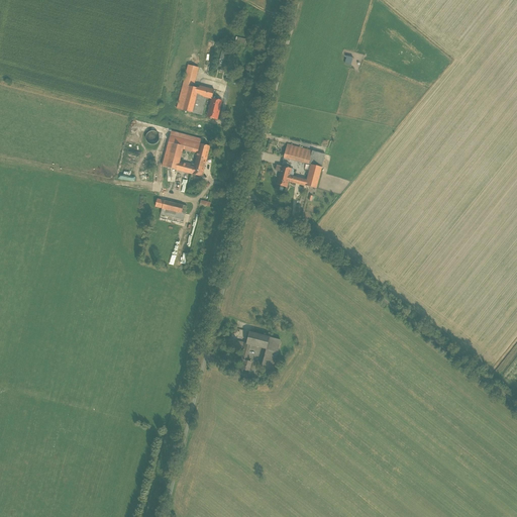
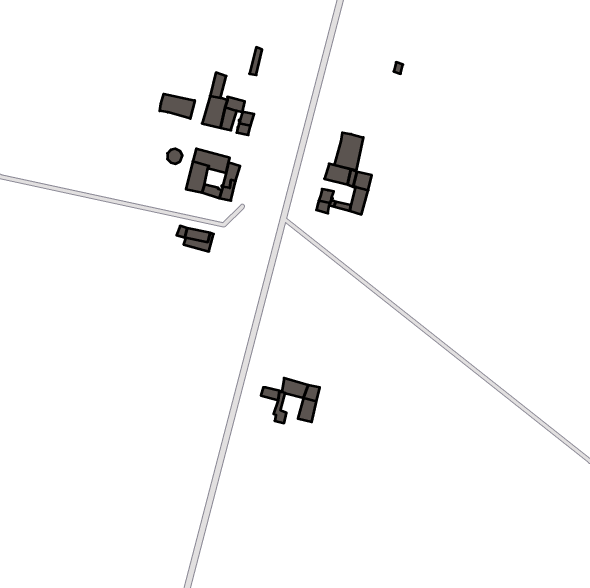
building: none -> [160,94,195,119]
building: none -> [334,133,363,171]

